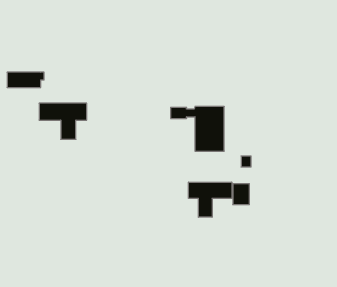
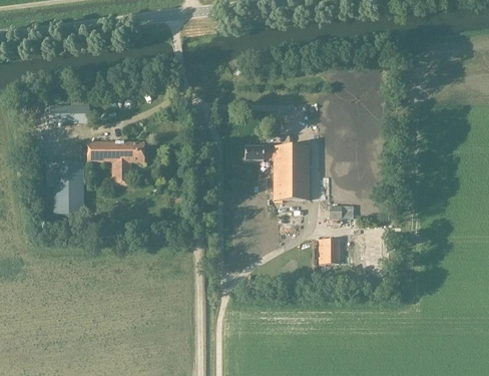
building: none -> [54,161,83,214]
building: [189,182,232,217] -> none

